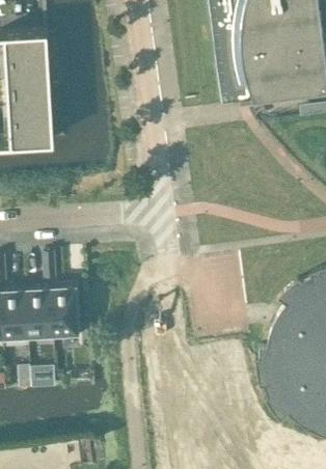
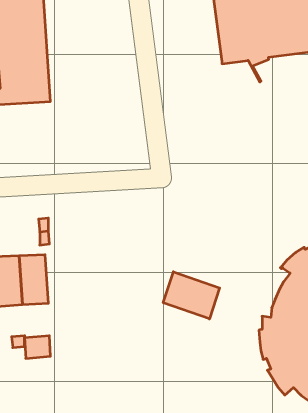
building: [50,286,79,340] -> none
building: none -> [163,272,220,319]

